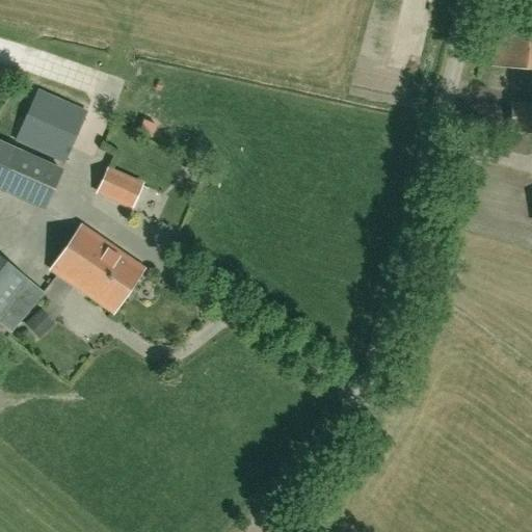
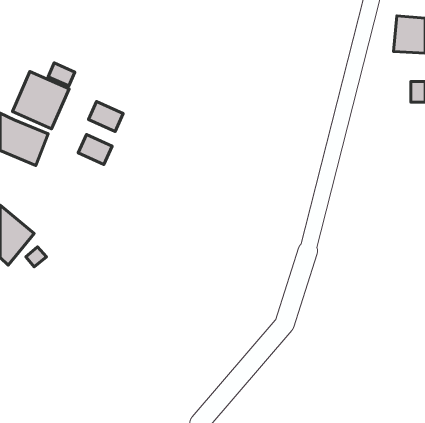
building: none -> [48,63,75,86]
building: none -> [89,102,123,131]
building: [52,227,142,311] -> none

